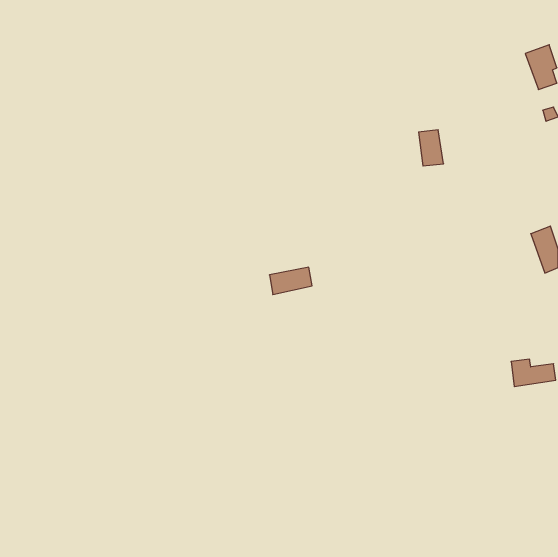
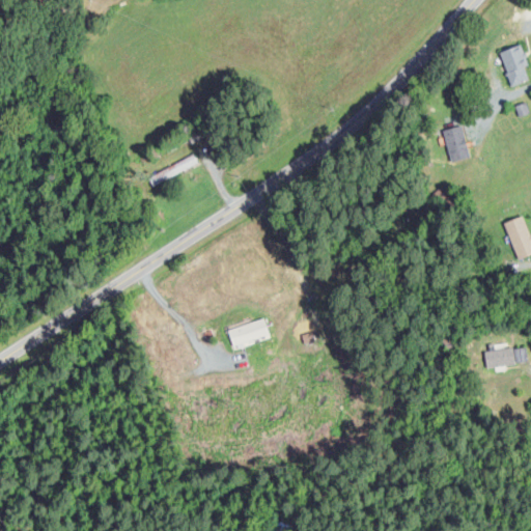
building: [419,130,444,166] -> [445,127,469,161]
building: [269,267,312,295] -> [229,320,270,346]

